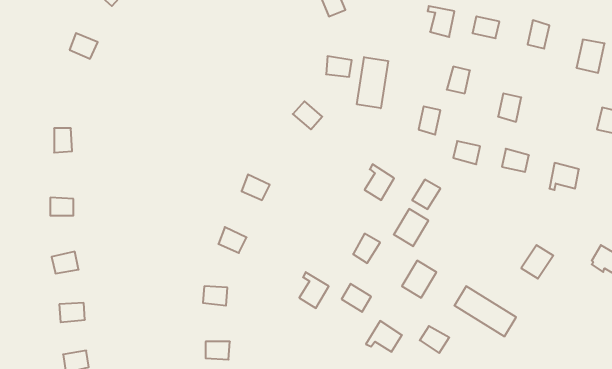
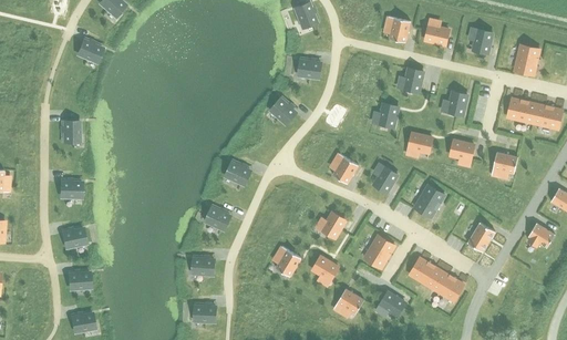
building: [357,57,388,108] -> none
building: none -> [506,99,536,123]
building: [394,209,428,246] -> [413,185,443,217]

